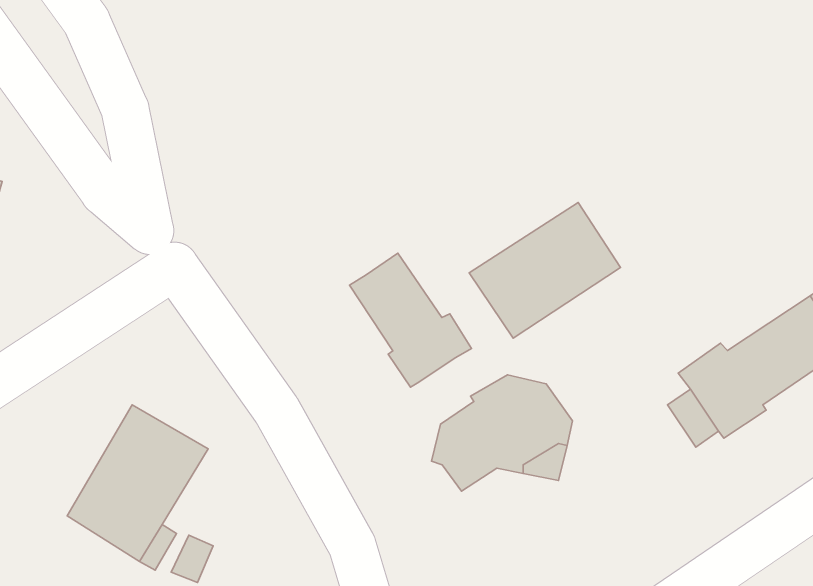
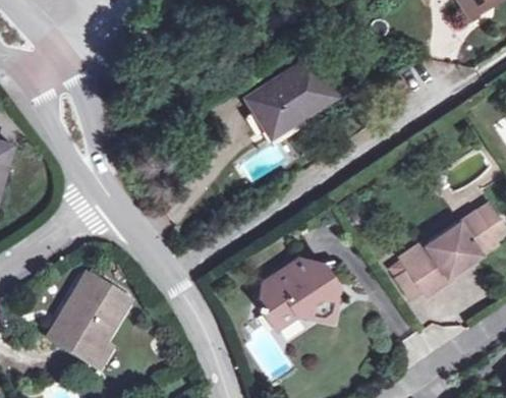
building: [469,203,621,338] -> [246,56,334,134]
building: [350,253,472,387] -> none

